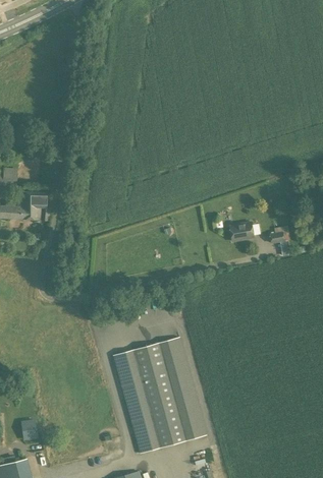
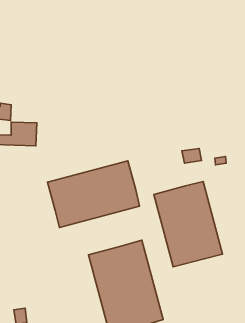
building: none -> [48,161,139,227]
building: none -> [154,182,223,267]

